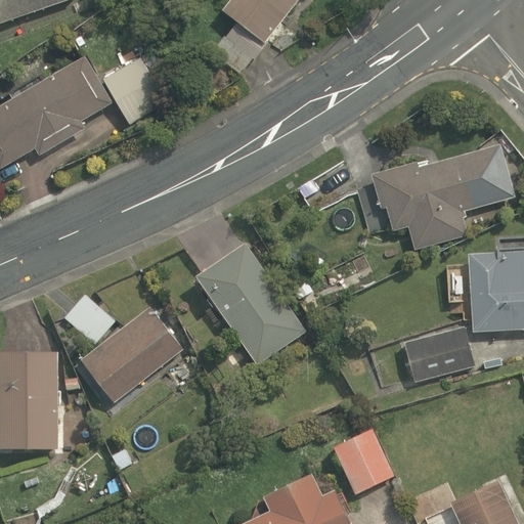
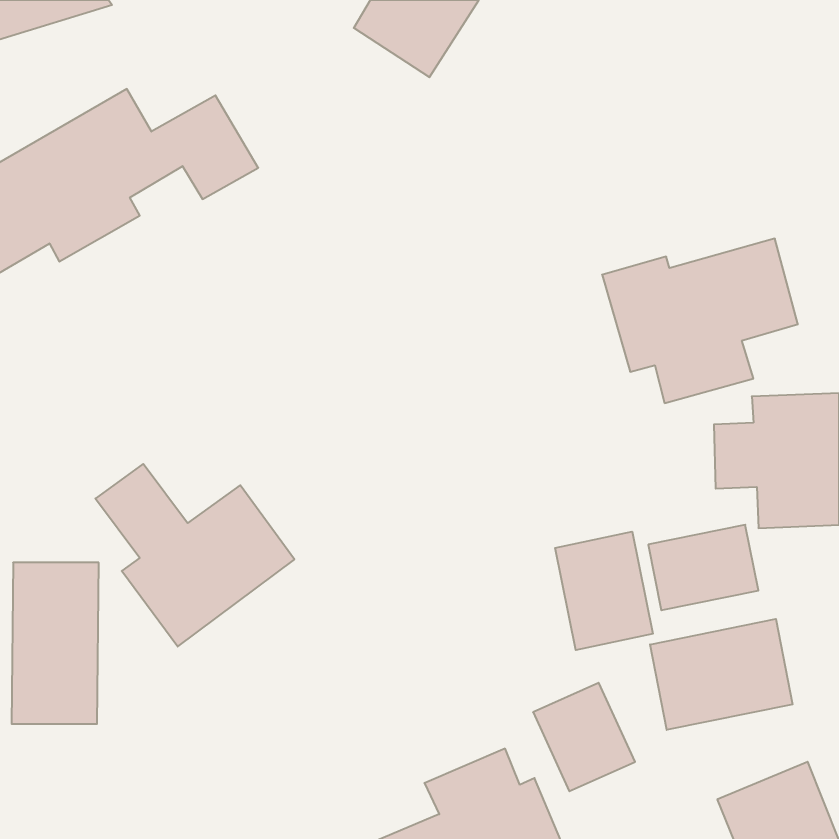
building: [191,237,309,372] -> none
building: none -> [555,532,653,650]
building: none -> [650,619,793,730]

